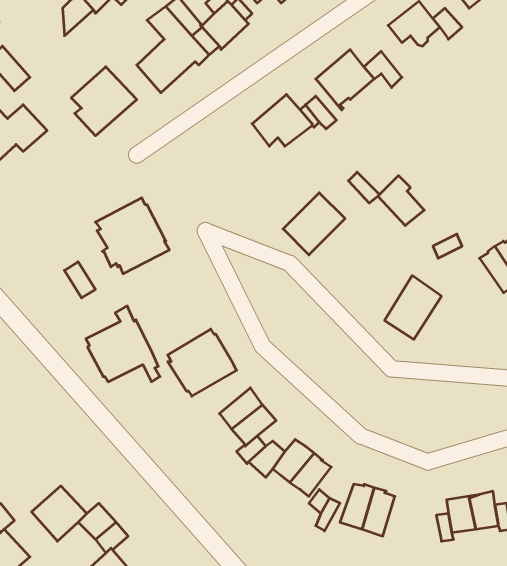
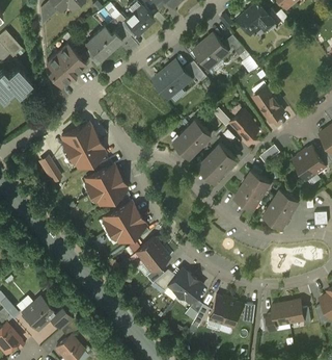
building: none -> [254,87,283,123]
building: none -> [198,145,234,182]
building: [86,306,160,382] -> [85,160,130,206]
building: none -> [264,189,298,228]

